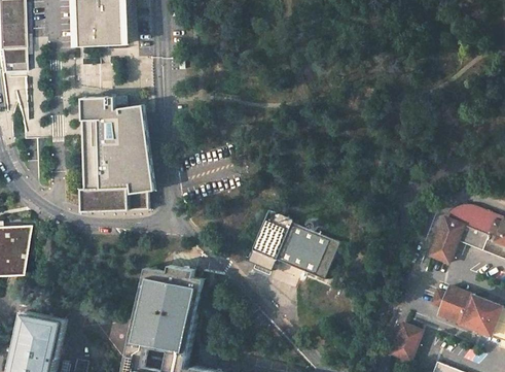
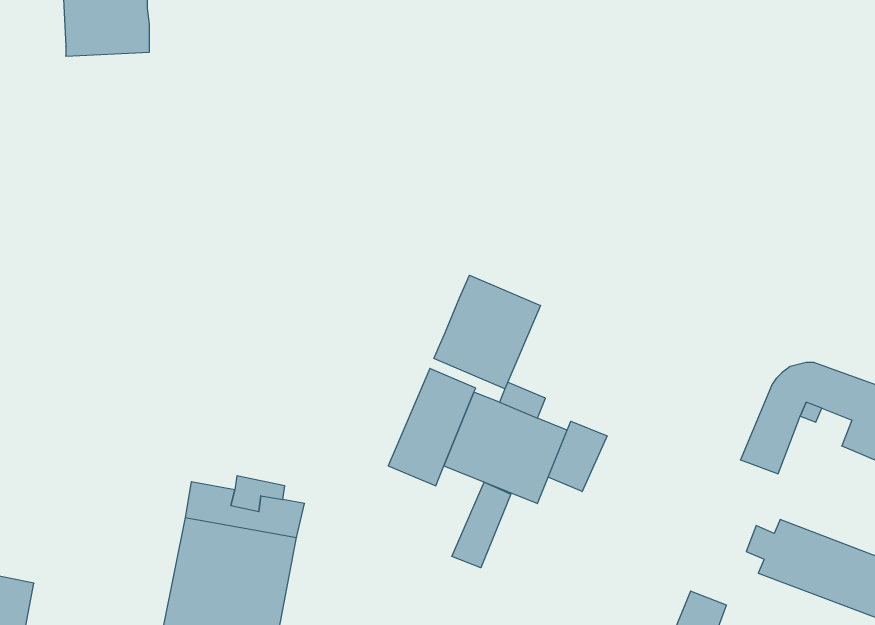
building: [81,96,155,211] -> none
building: none -> [434,275,541,389]
building: none -> [548,421,607,492]
building: none -> [452,482,511,568]

